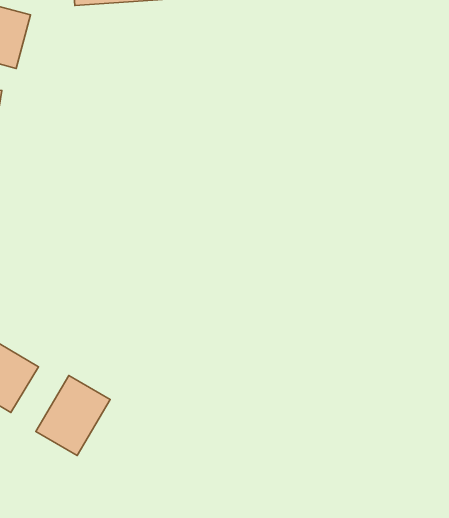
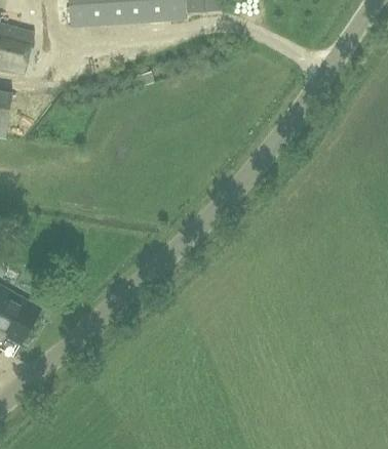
building: [36,375,110,456] -> none

